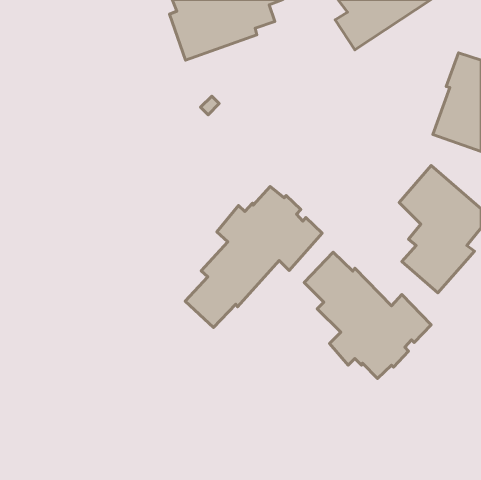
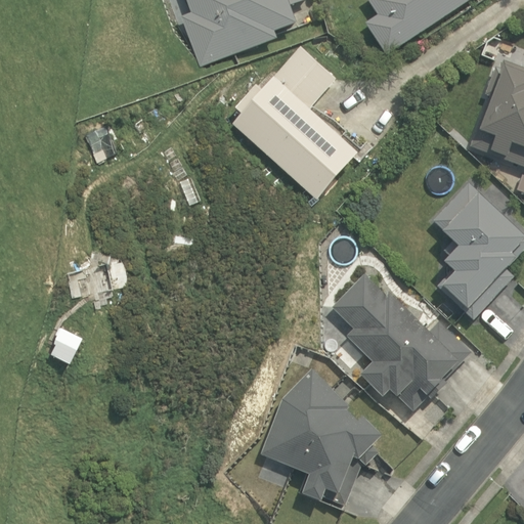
building: none -> [233,47,360,200]
building: [185,186,322,328] -> none
building: none -> [259,369,378,507]

